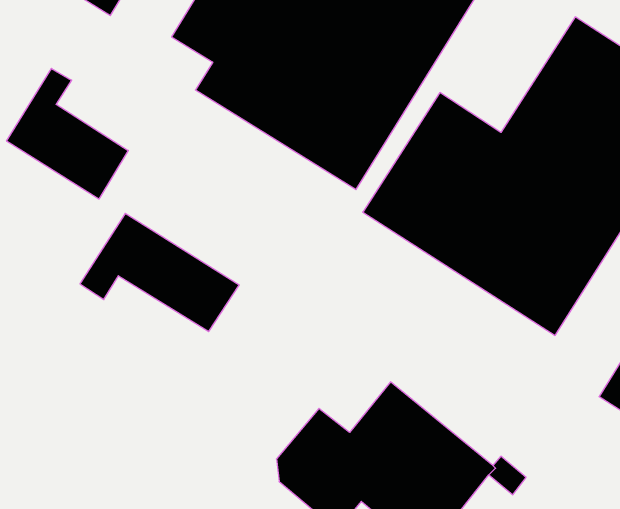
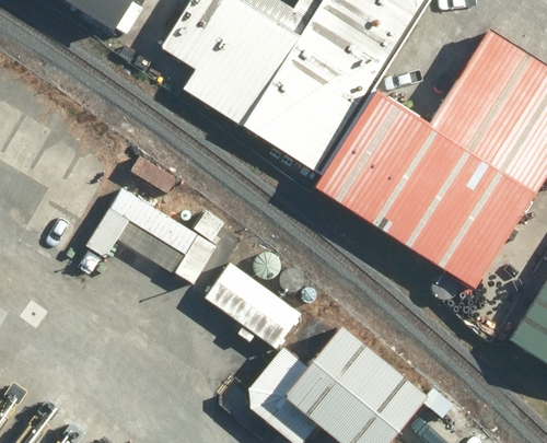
building: [7,68,128,199] -> none
building: none -> [206,263,301,348]

